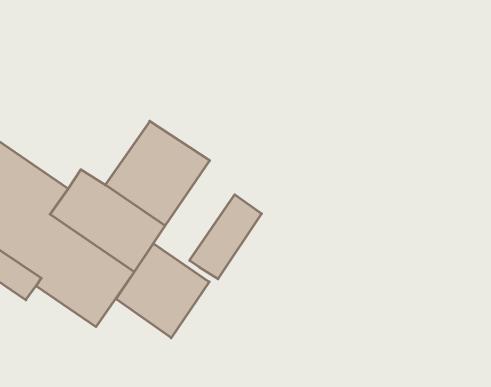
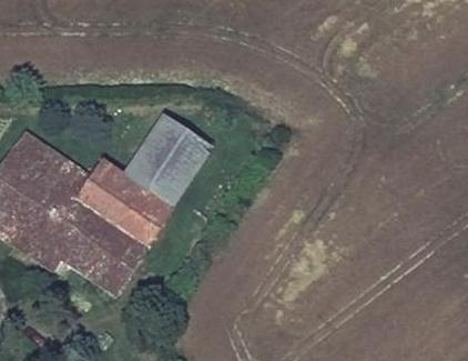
building: [190,195,262,279] -> none
building: [116,243,209,338] -> none

